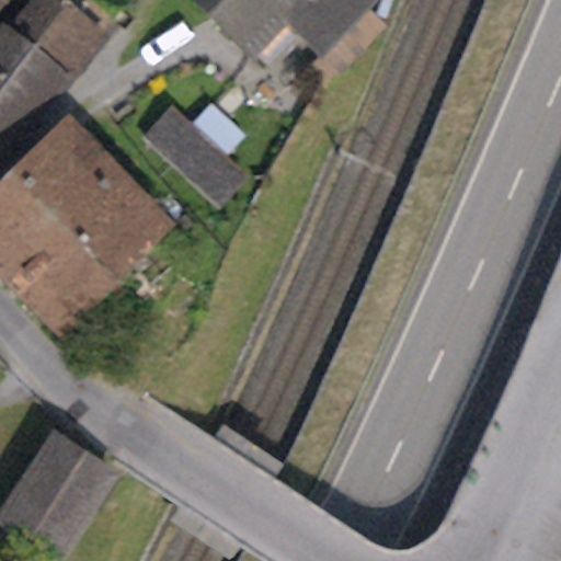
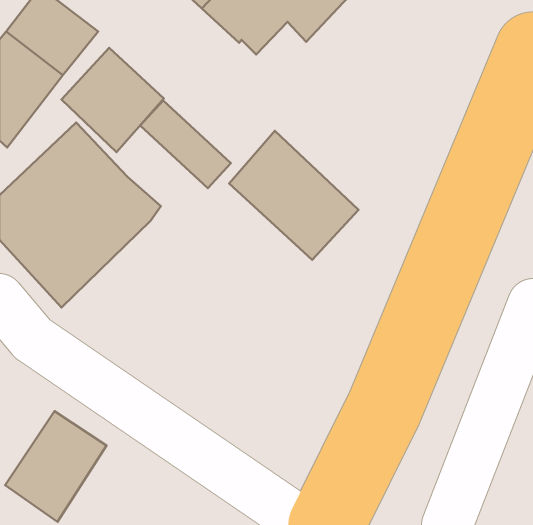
building: none -> [61,48,164,152]
building: none -> [229,131,359,260]

